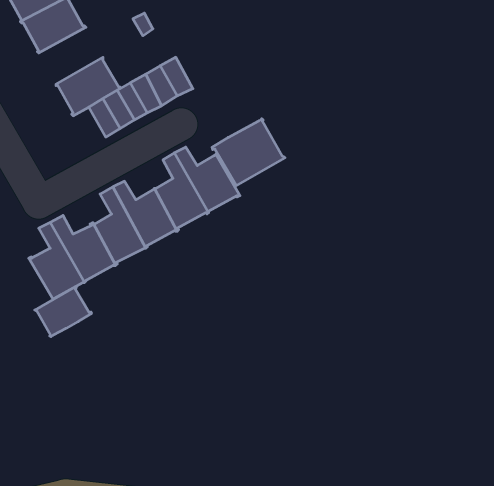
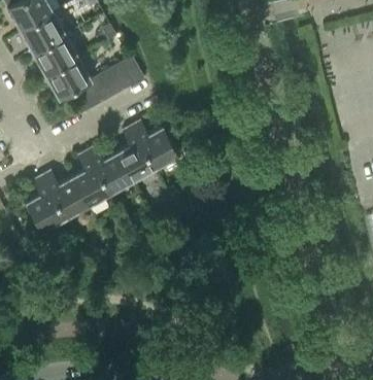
building: none -> [33,35,79,76]
building: [212,119,285,186] -> none
building: [35,287,91,337] -> none

